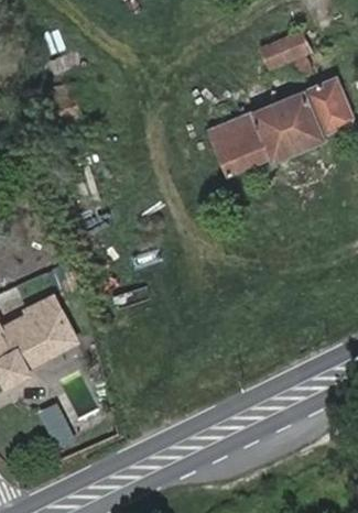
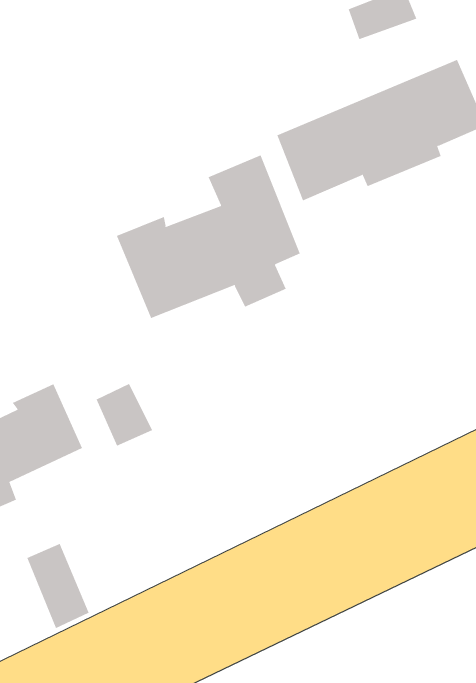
building: none -> [116,155,301,319]
building: none -> [96,383,153,447]

